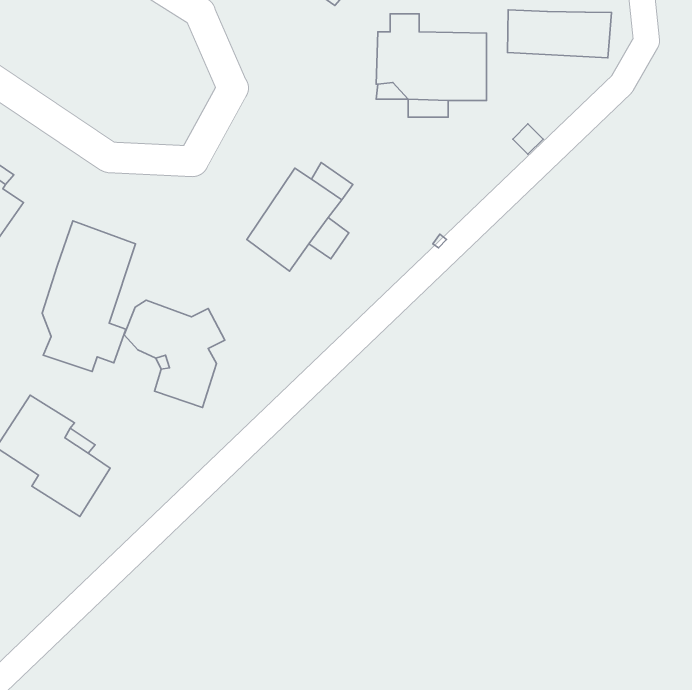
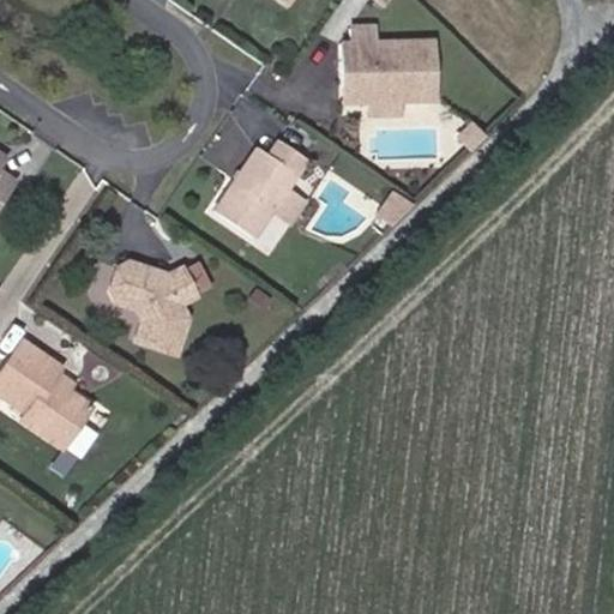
building: [508,10,611,58] -> none
building: [42,221,135,371] -> none

